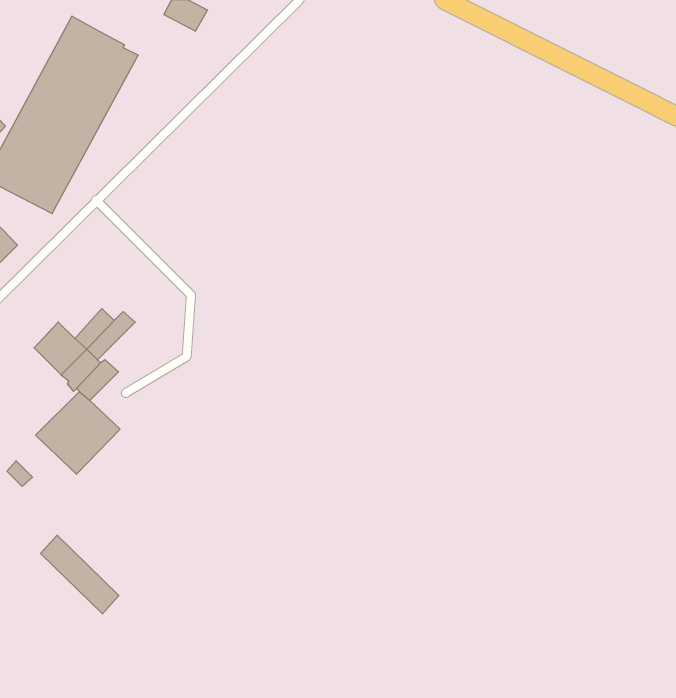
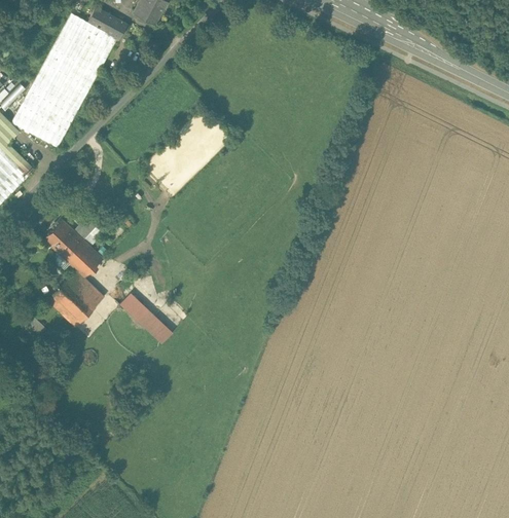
building: none -> [86,8,125,41]
building: [41,535,119,614] -> [118,292,172,345]

